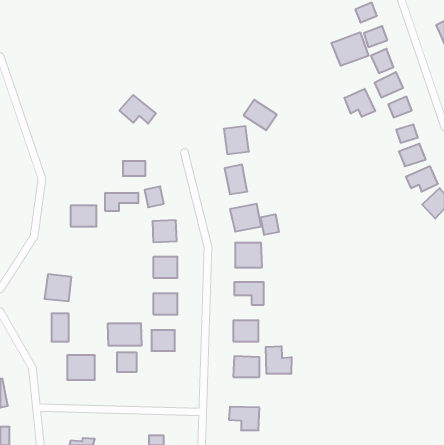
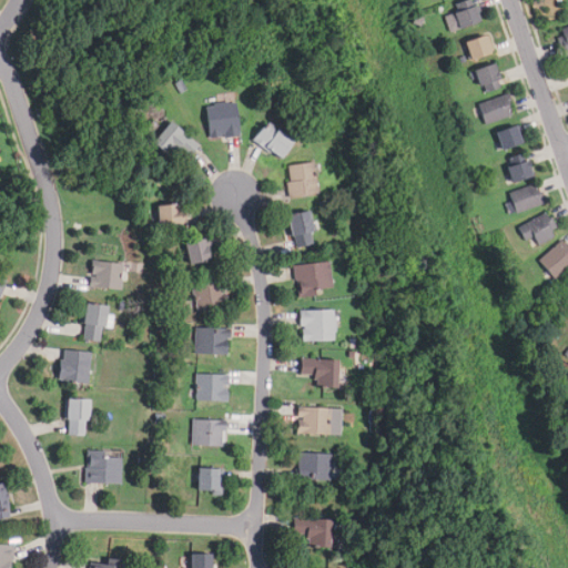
building: [331,32,369,66] -> none
building: none -> [207,102,239,136]
building: [344,89,375,117] -> none
building: [244,100,277,130] -> [253,120,295,159]
building: [105,193,138,211] -> none
building: [261,214,279,235] -> none
building: none -> [82,303,108,342]
building: [108,323,141,346] -> none
building: [266,346,292,374] -> none
building: [117,353,137,372] -> [196,469,222,494]

